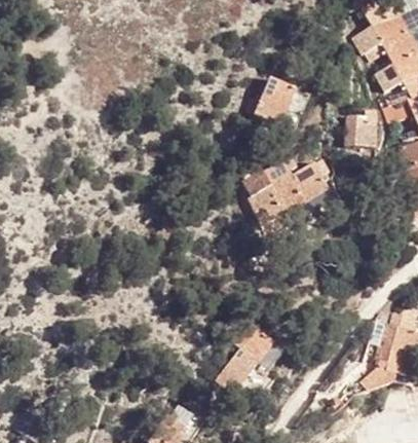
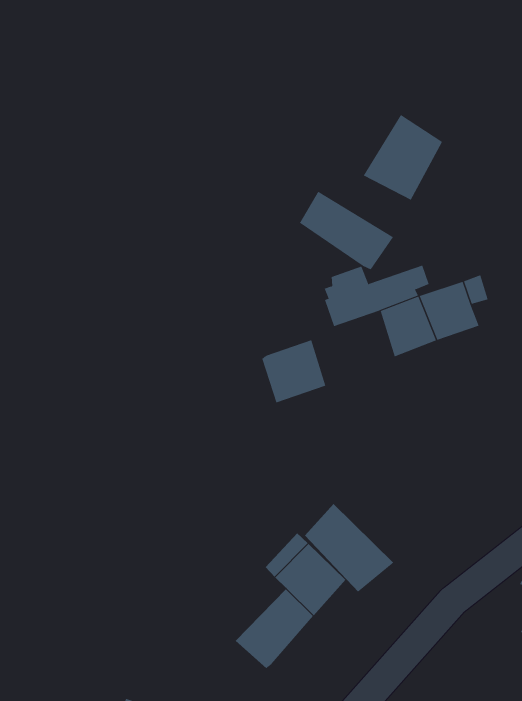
building: none -> [299,191,394,270]
building: [246,187,284,225] -> [261,340,326,403]
building: none -> [304,503,394,592]

